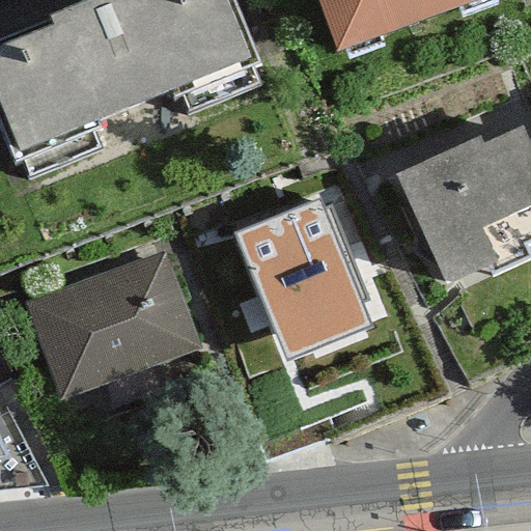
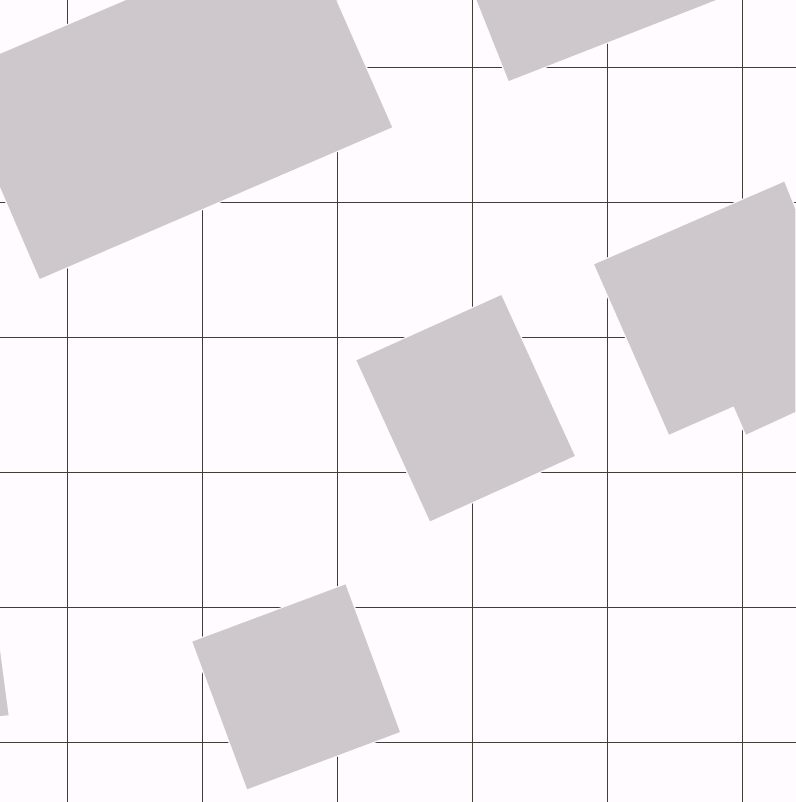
building: [38,248,203,393] -> none
building: none -> [192,583,401,790]

